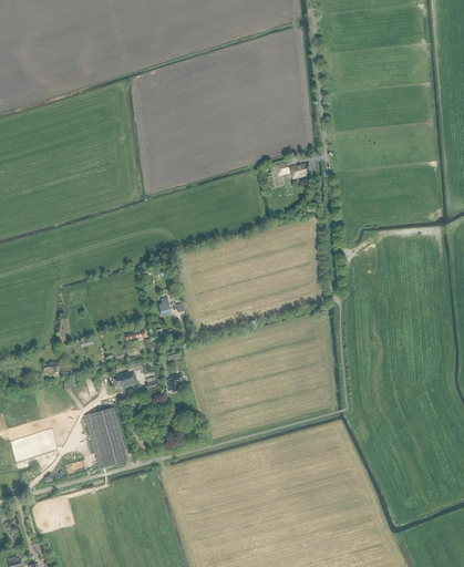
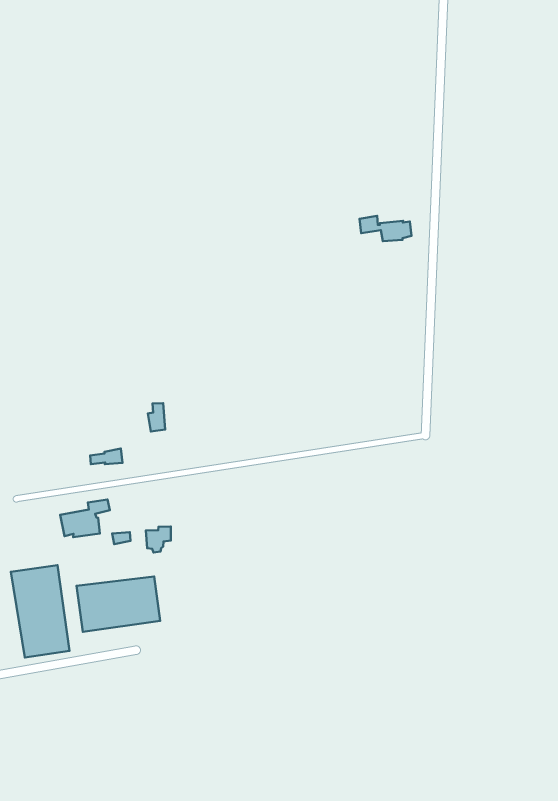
building: none -> [76,577,160,632]

